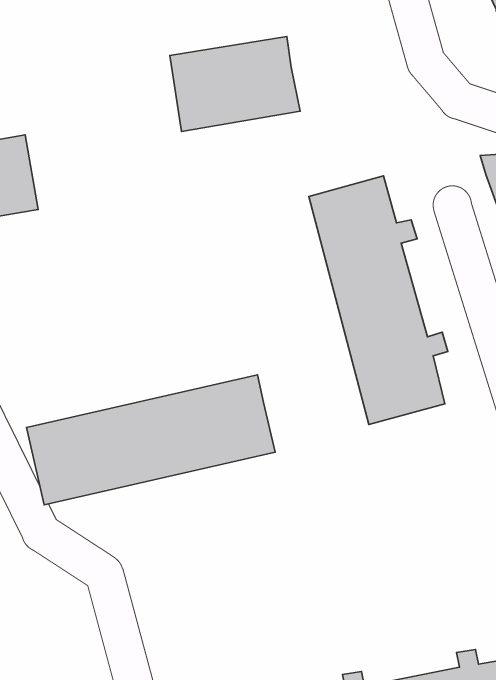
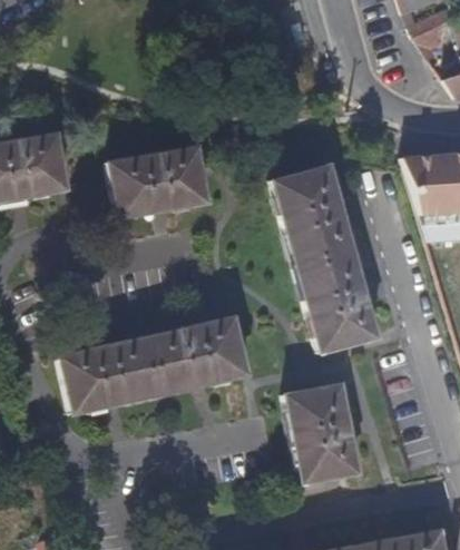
building: [170,37,300,132] -> [110,147,209,219]
building: none -> [286,384,363,484]

